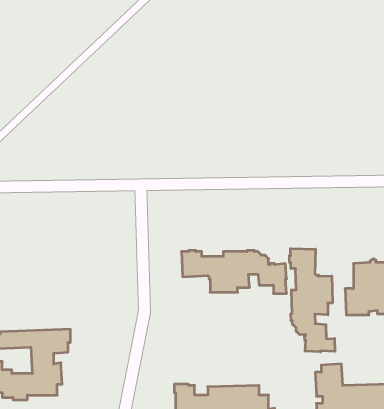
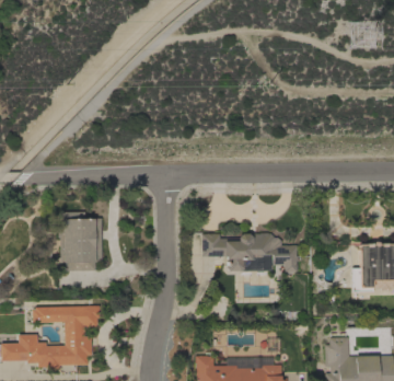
building: none -> [59,212,103,272]
building: [289,249,335,352] -> none

